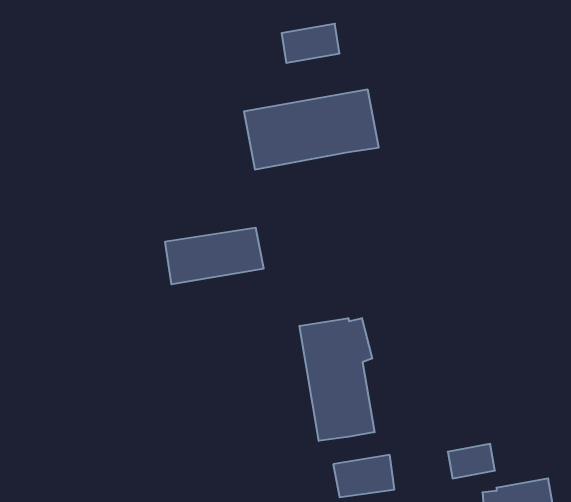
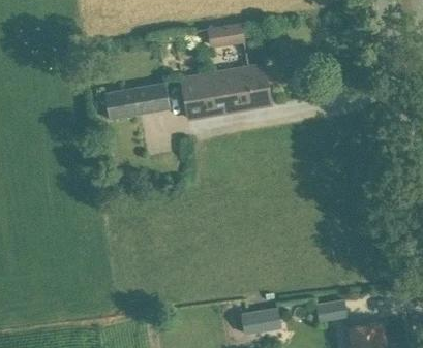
building: [165,228,264,284] -> [104,83,170,120]
building: [300,318,375,441] -> none

